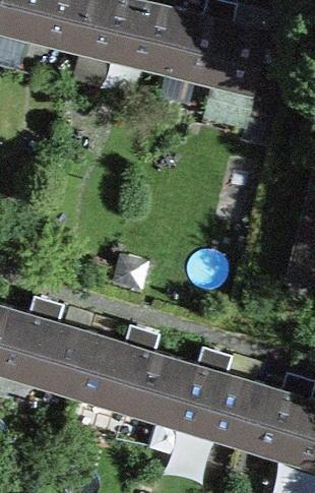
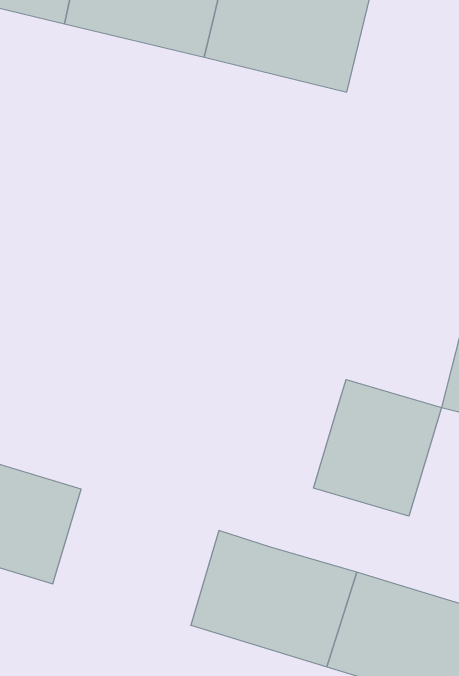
building: none -> [313,380,441,516]
building: [58,331,160,415] -> none

